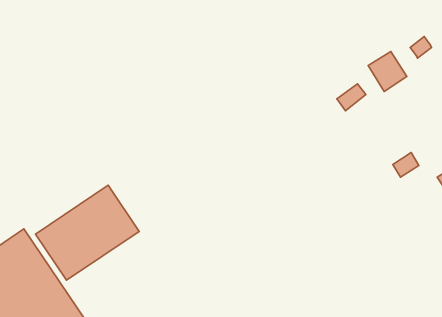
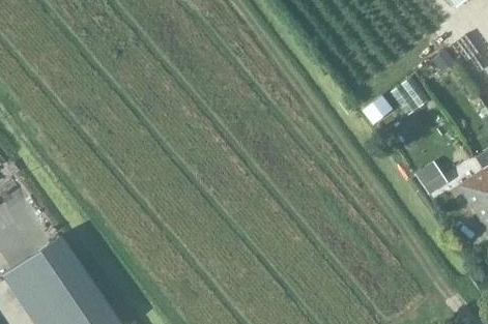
building: [35,185,139,280] -> none

